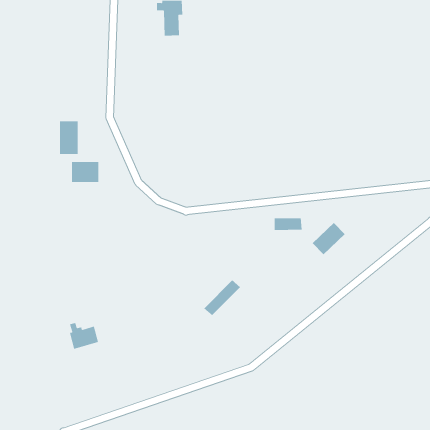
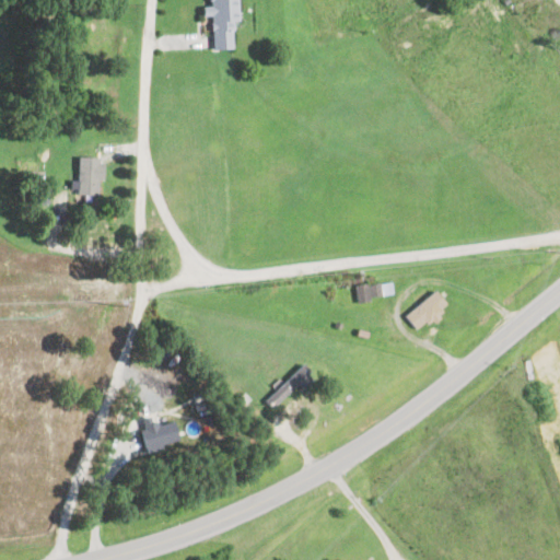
building: [71,161,99,183] -> none
building: [69,323,99,350] -> [142,417,180,452]

